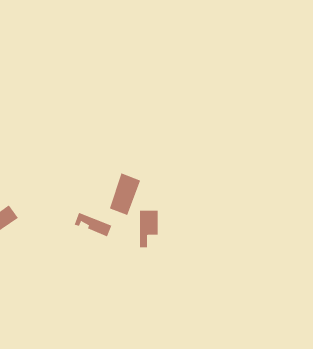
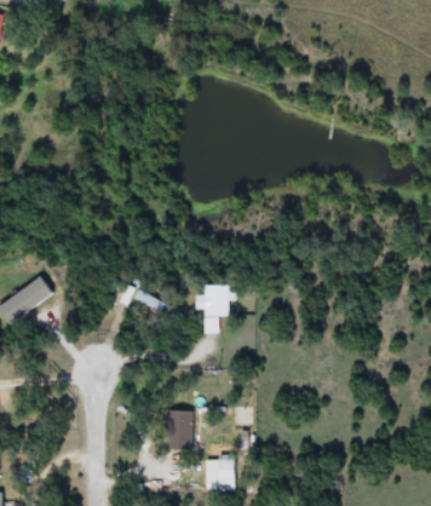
building: [109,173,141,216] -> none
building: none -> [166,410,192,450]

